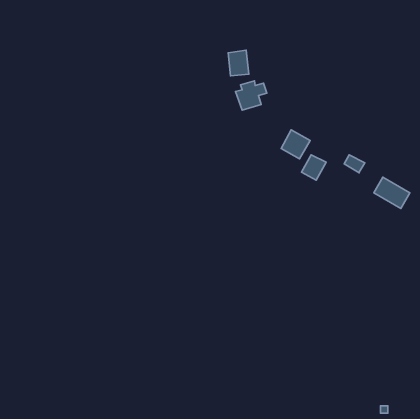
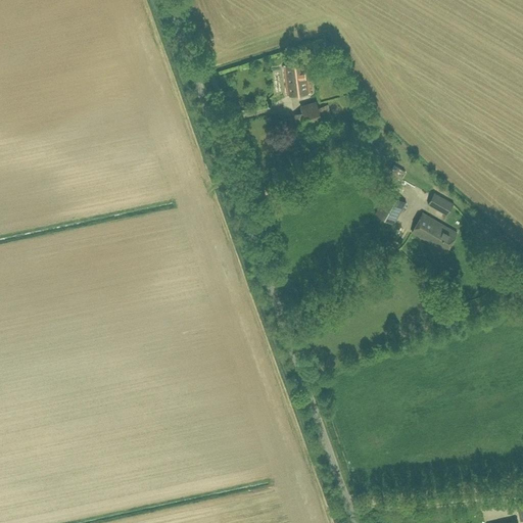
building: [281,130,310,159] -> none
building: [374,177,410,209] -> [412,213,457,252]

